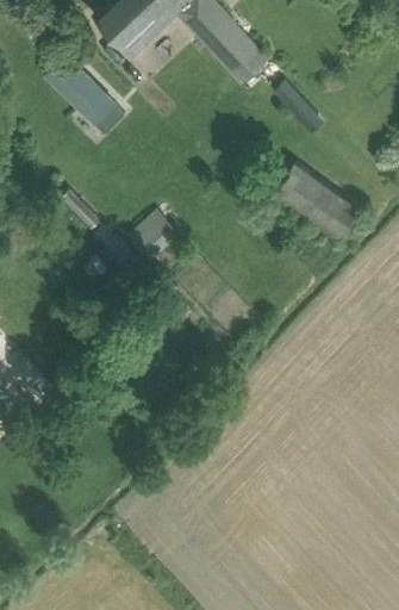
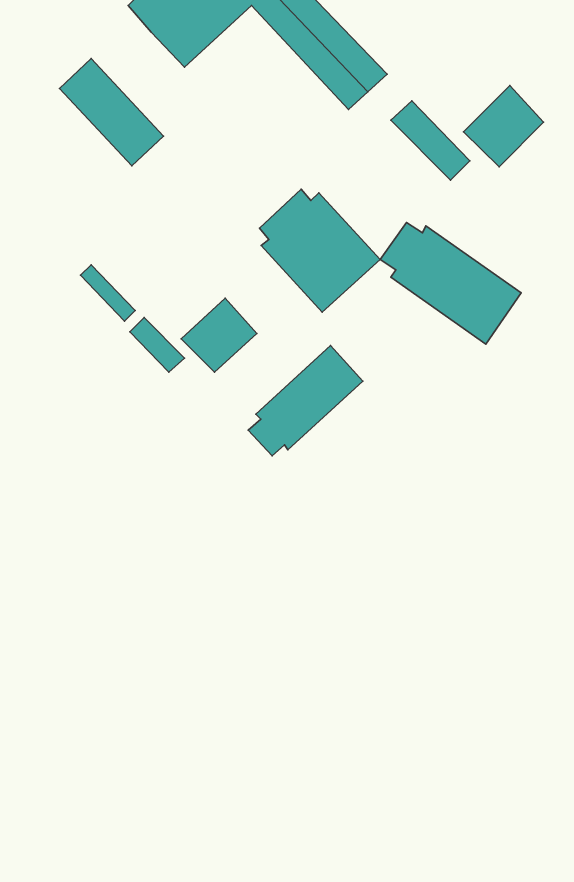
building: none -> [463,85,544,167]
building: none -> [259,189,380,312]
building: none -> [248,345,363,456]

